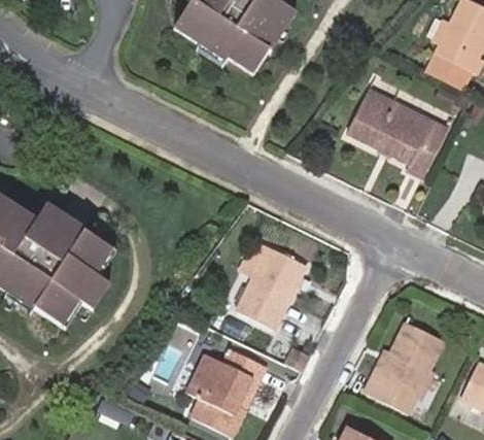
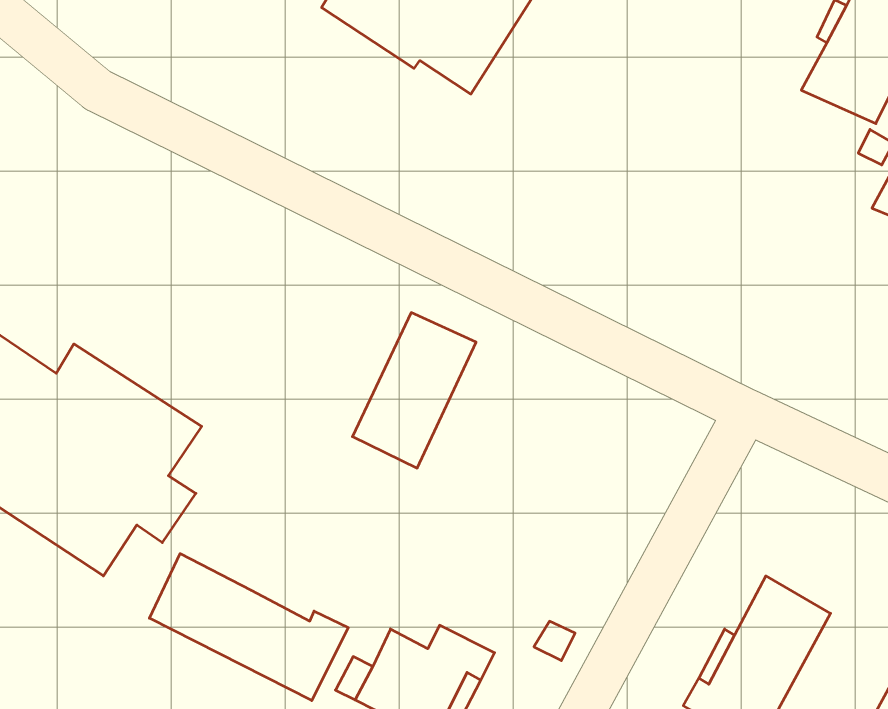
building: [348,92,447,177] -> none
building: [239,247,304,329] -> [352,313,476,468]
building: none -> [149,554,348,701]

